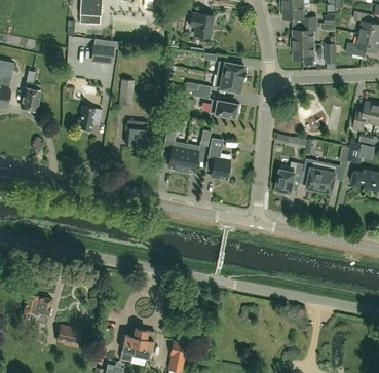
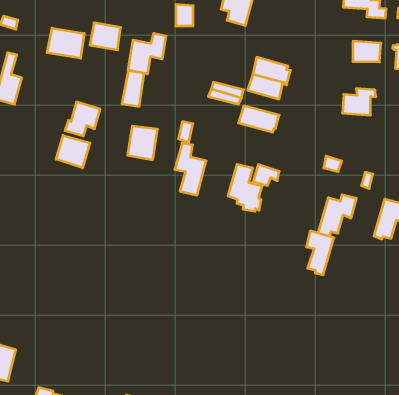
building: [292,24,316,43] -> [342,89,376,115]
building: none -> [128,33,166,74]
building: none -> [47,28,84,58]
building: none -> [56,135,90,168]
building: [181,143,205,173] -> none
building: [304,158,325,191] -> [306,231,334,275]

